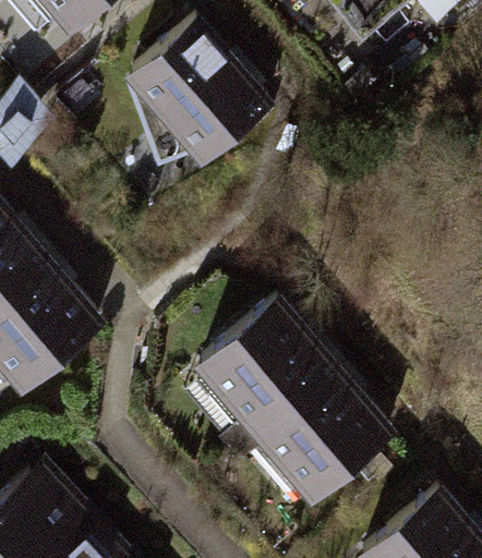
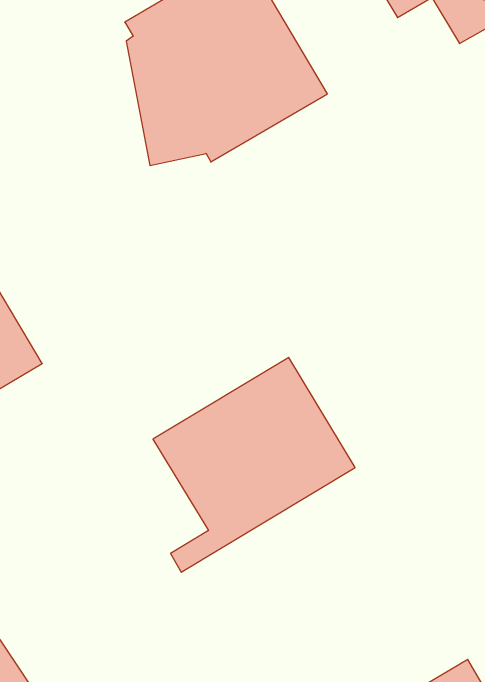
building: [229,363,397,505] -> none

